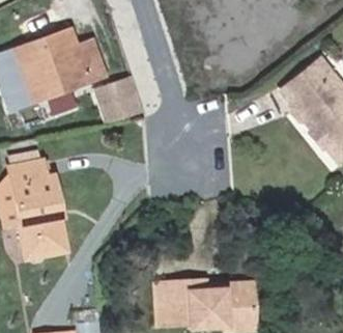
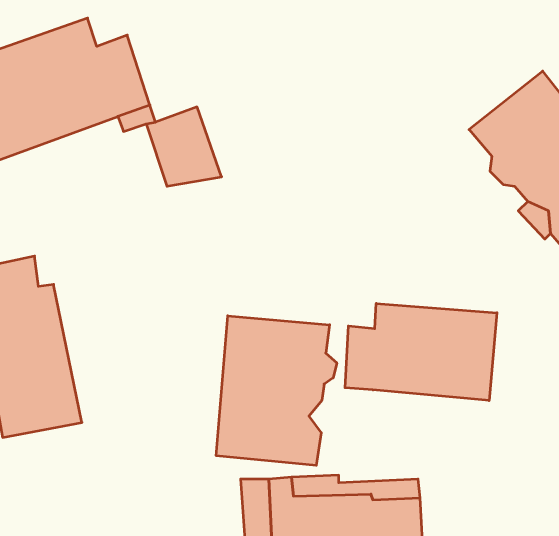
building: none -> [345,303,497,401]
building: none -> [216,316,337,465]

